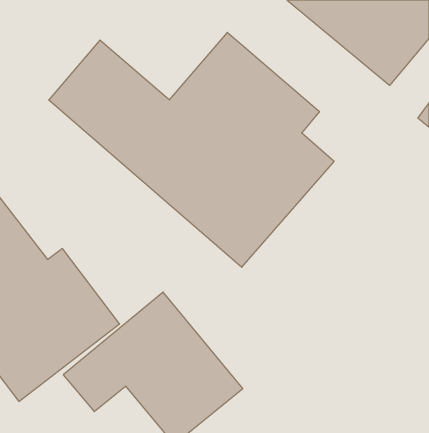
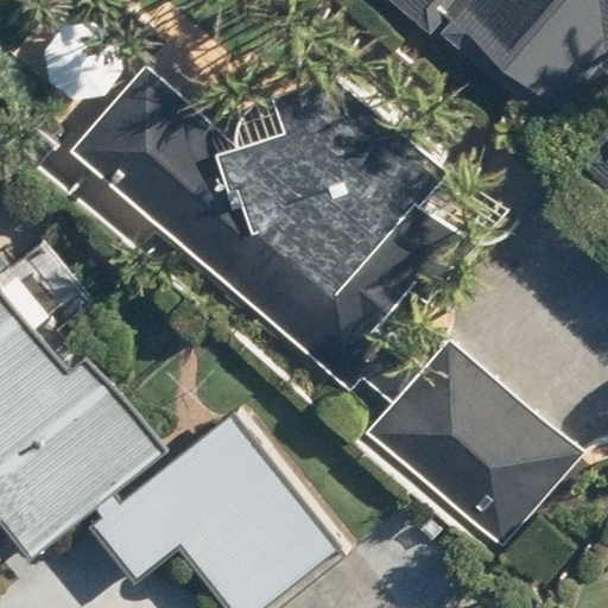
building: none -> [361,334,581,551]

